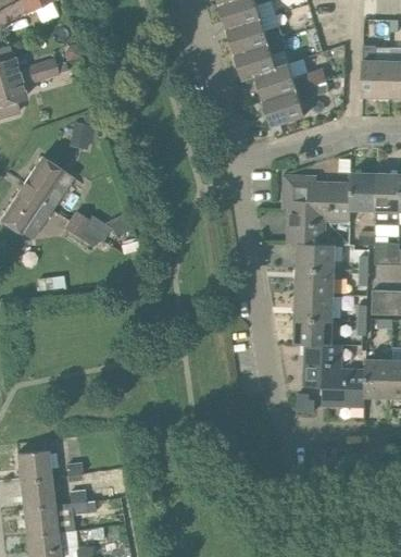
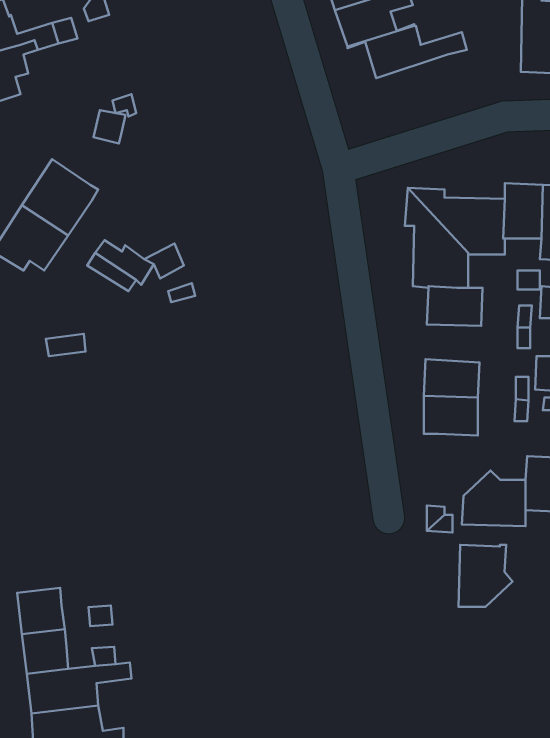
building: [263,81,328,126] -> none
building: [297,269,335,295] -> none
building: [304,344,341,386] -> [458,545,512,607]

